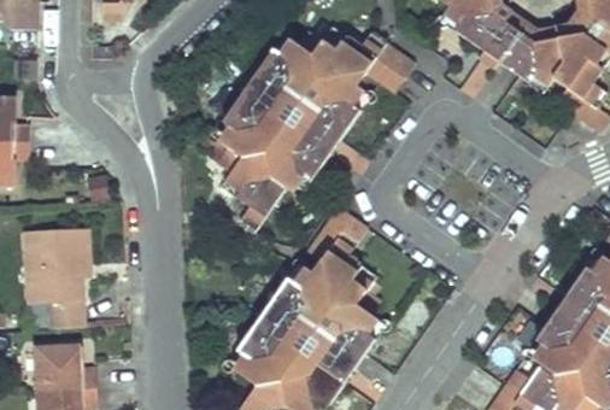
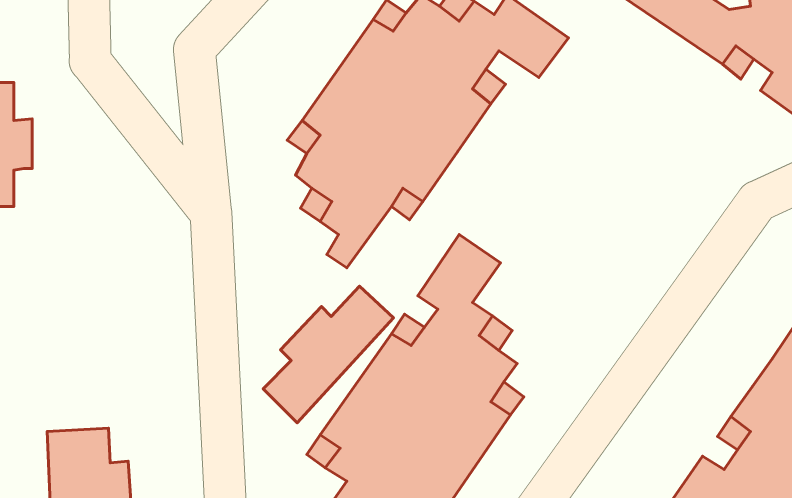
building: [23,229,88,328] -> none
building: none -> [263,286,394,423]

